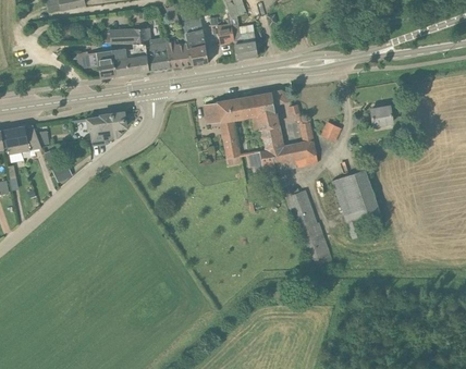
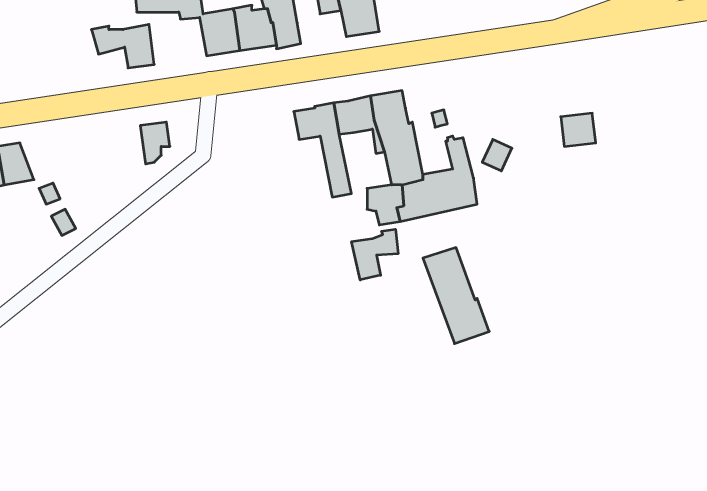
building: [112,46,148,75] -> none
building: [85,113,110,145] -> none
building: [341,169,378,219] -> none
building: none -> [352,229,398,280]

